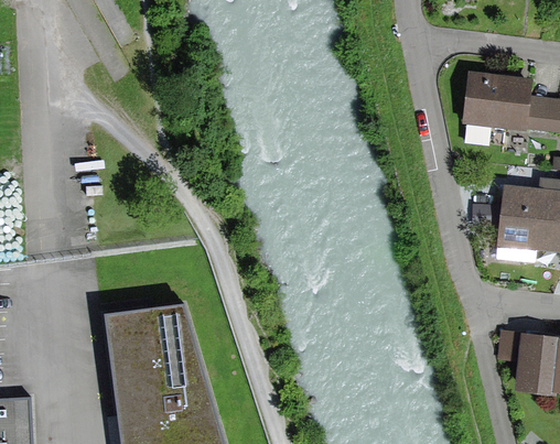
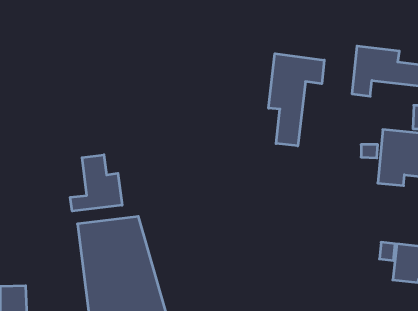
building: none -> [269,54,324,146]
building: none -> [70,155,122,211]

